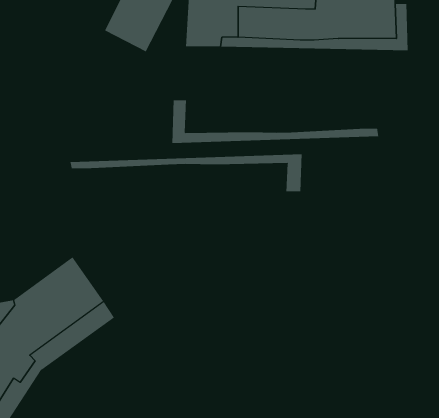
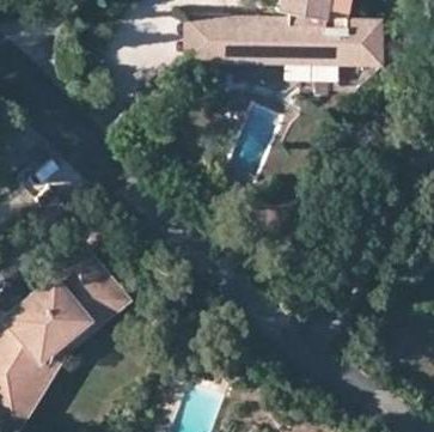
building: [172,100,379,144] -> none
building: [70,153,302,192] -> none

